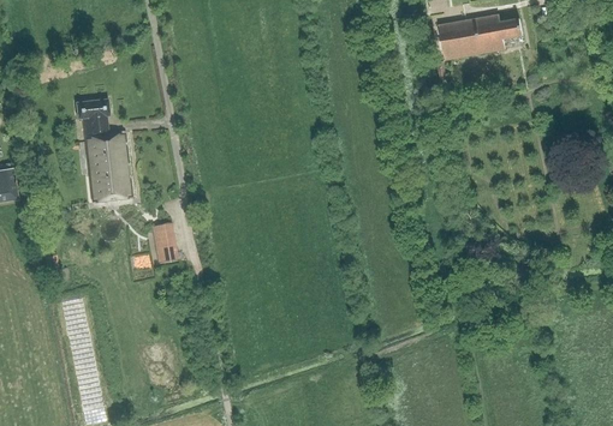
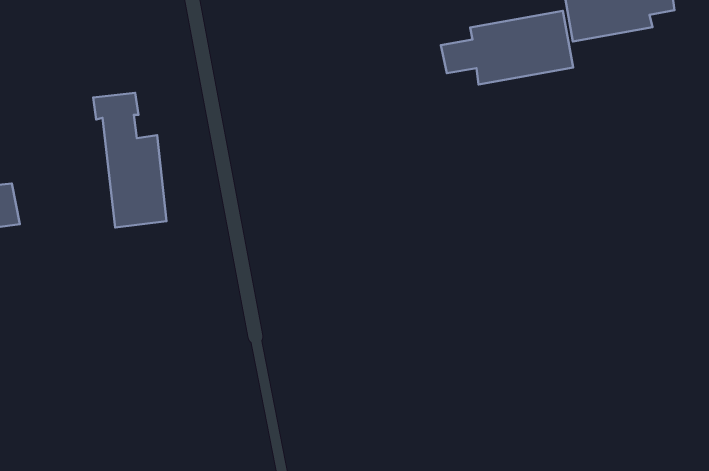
building: none -> [441,11,573,85]
building: [150,222,178,262] -> none

